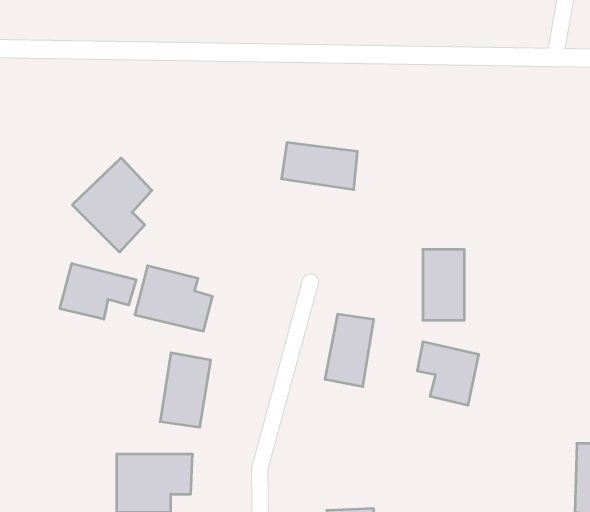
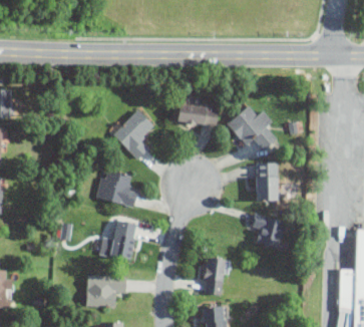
building: none -> [227,103,280,151]
building: [72,158,152,252] -> [111,108,155,160]
building: [60,263,136,319] -> none
building: [325,314,374,387] -> [200,257,227,297]

